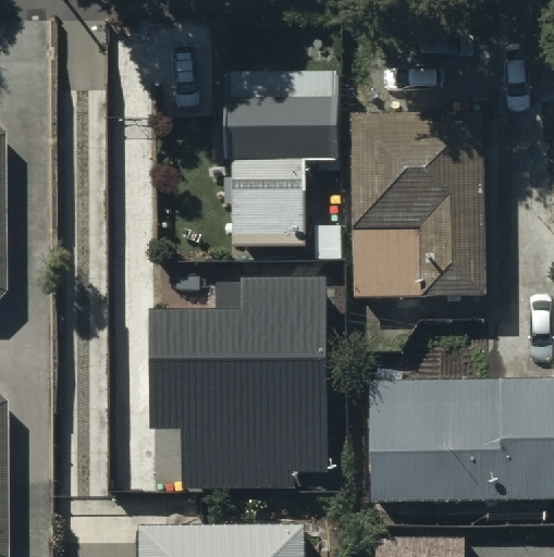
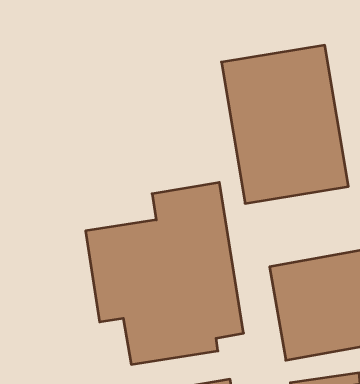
building: [226,70,334,246] -> none

